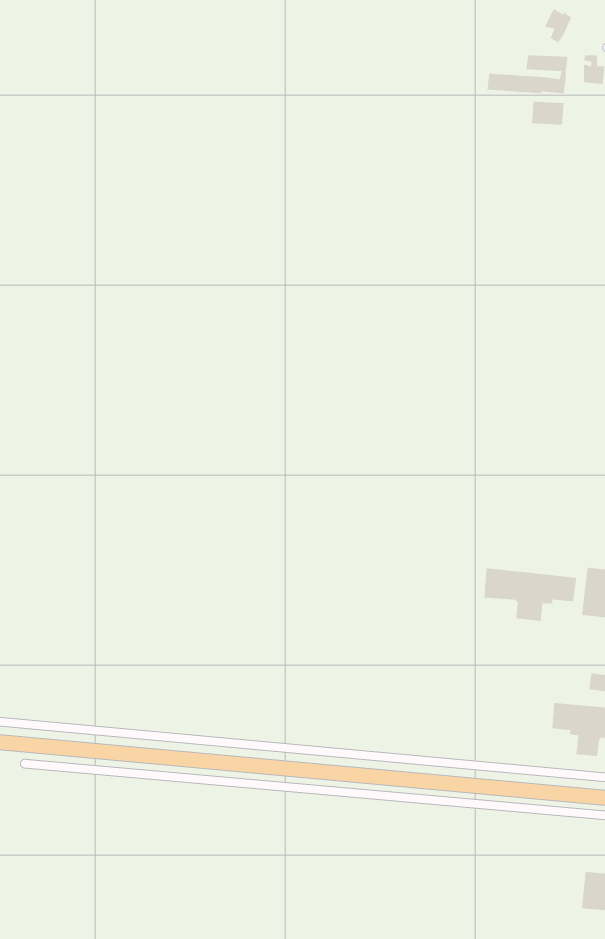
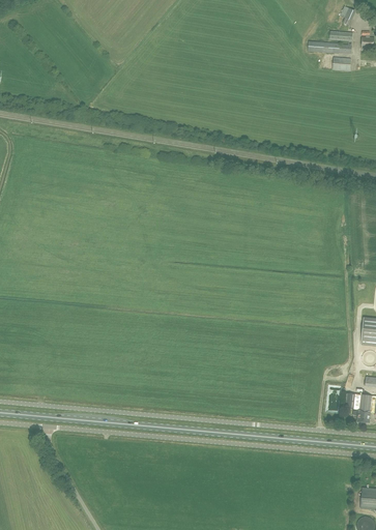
building: [484,567,577,622] -> none

